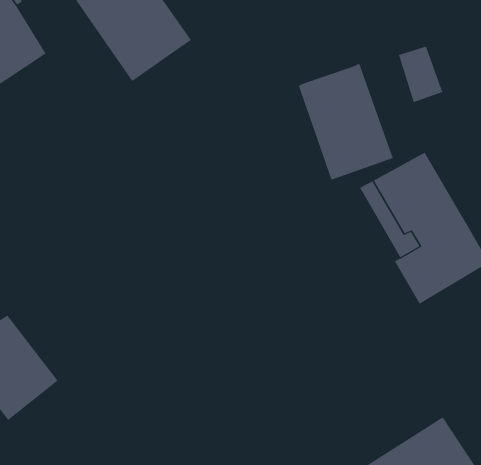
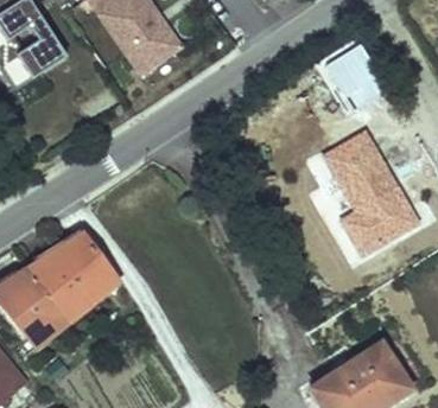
building: [298,63,394,180] -> none
building: none -> [36,232,119,314]

